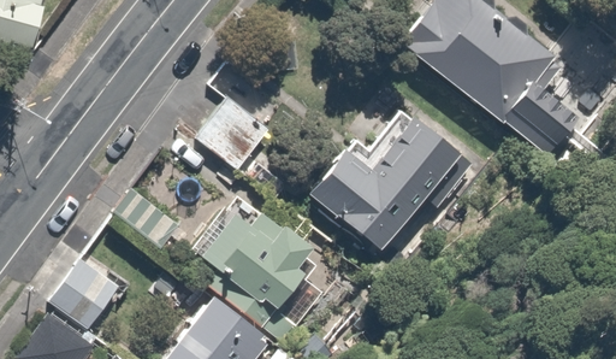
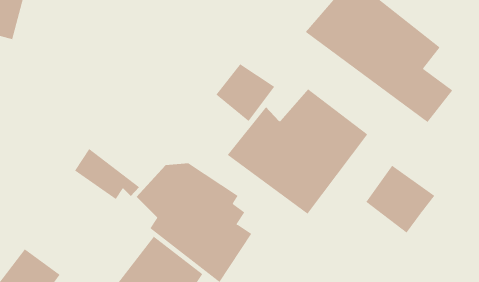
building: [196,96,270,169] -> [216,63,275,122]
building: none -> [366,165,435,233]
building: [48,257,120,325] -> none

